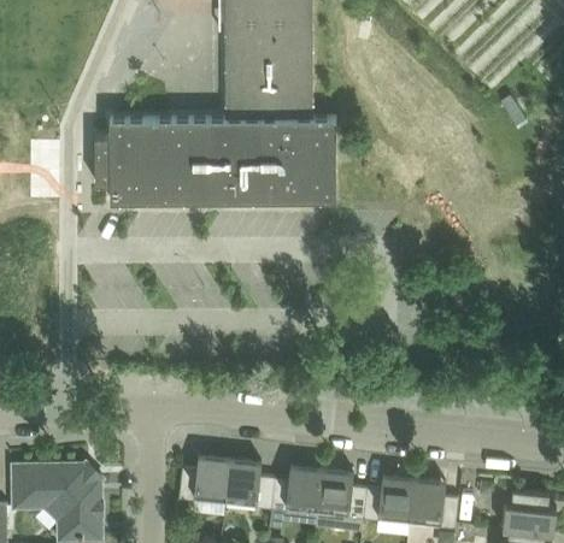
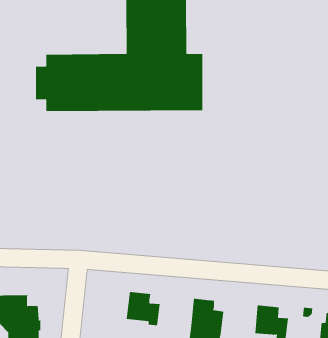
building: [177,458,229,503] -> none
building: [270,467,321,513] -> none
building: [362,478,412,523] -> none

